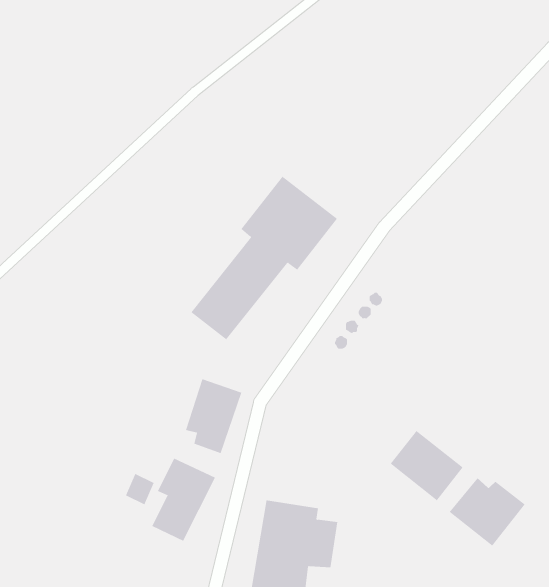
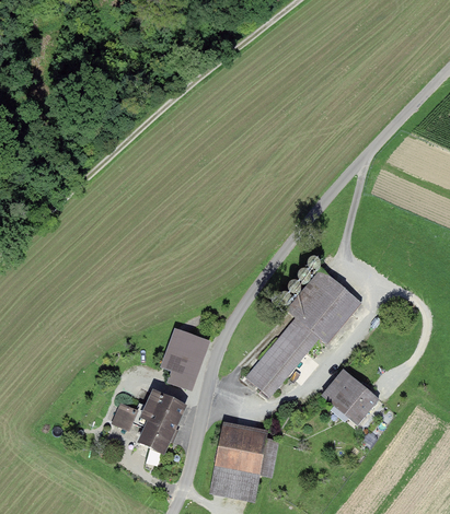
building: [190,176,338,340] -> [245,268,361,397]
building: [449,478,526,546] -> none

